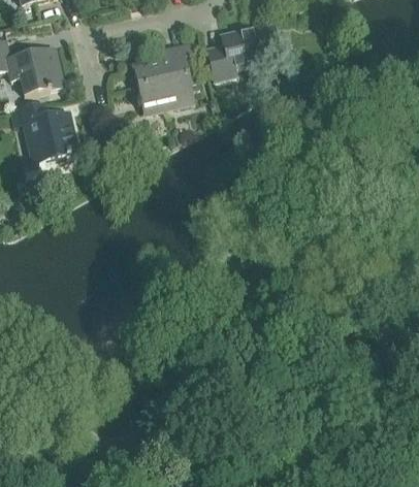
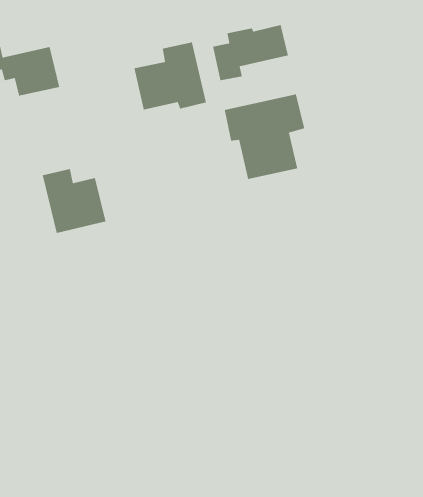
building: none -> [224,93,305,180]
building: [18,101,78,163] -> [42,168,106,234]

